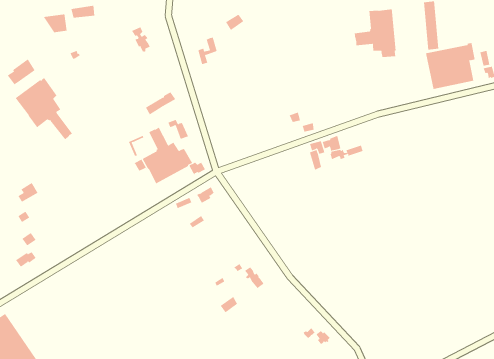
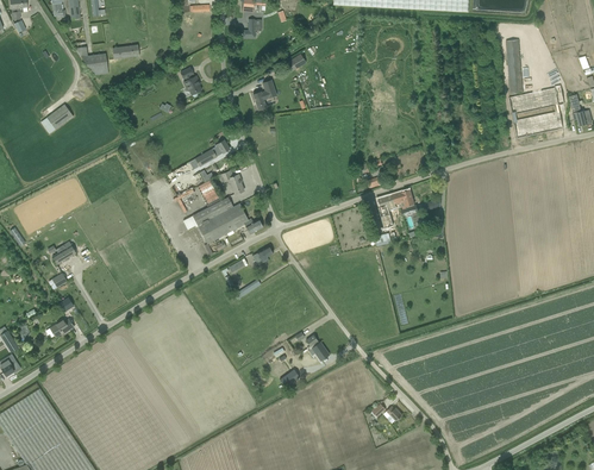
building: [354,8,396,58] -> none
building: [15,77,73,140] -> none

